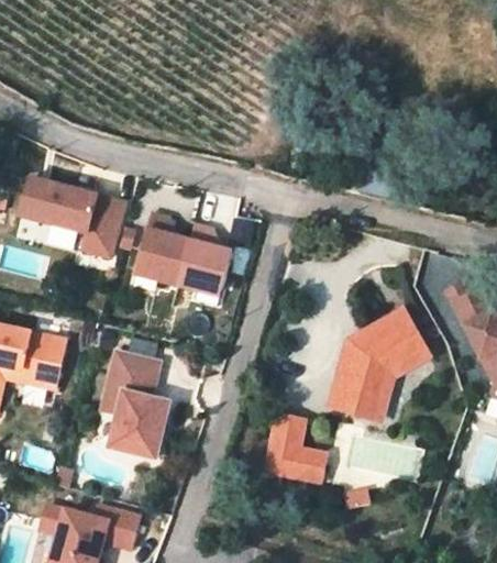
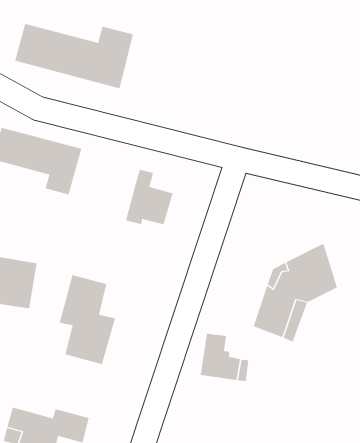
building: none -> [14,23,134,89]
building: [132,212,186,285] -> none

